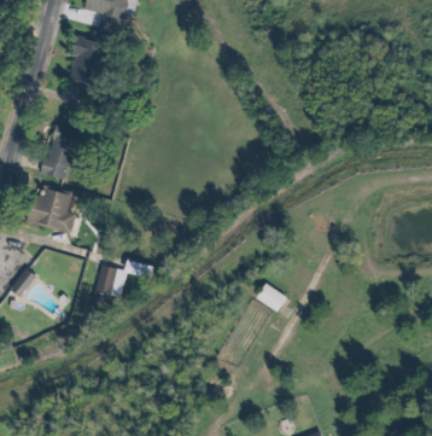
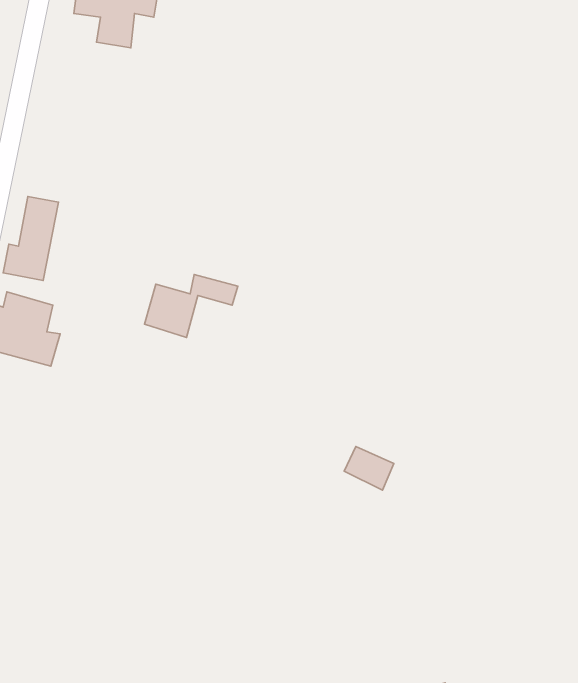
building: [68,36,100,83] -> none
building: [94,258,153,298] -> [144,275,238,338]

